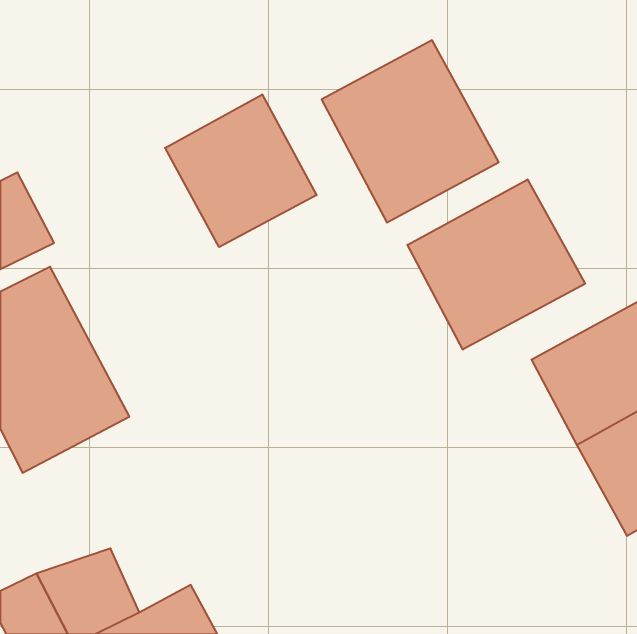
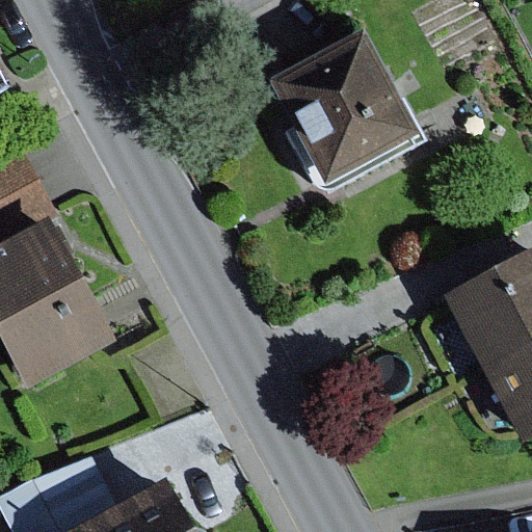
building: [165,94,317,247] -> none
building: [407,179,585,350] -> none

